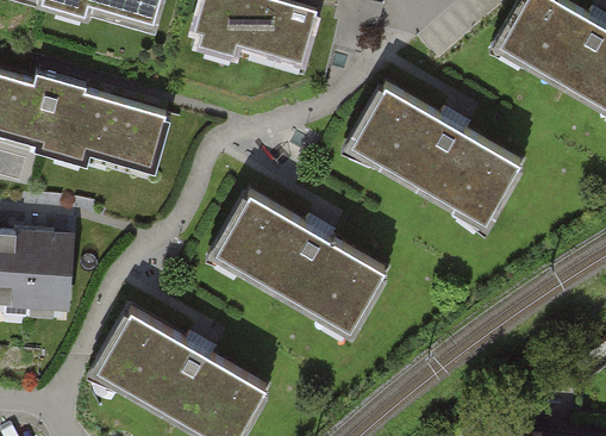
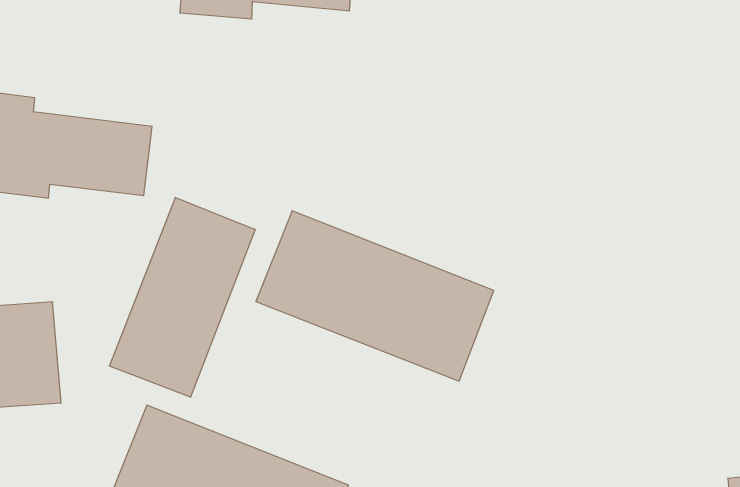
building: [351,88,516,223] -> none
building: none -> [109,197,255,397]

